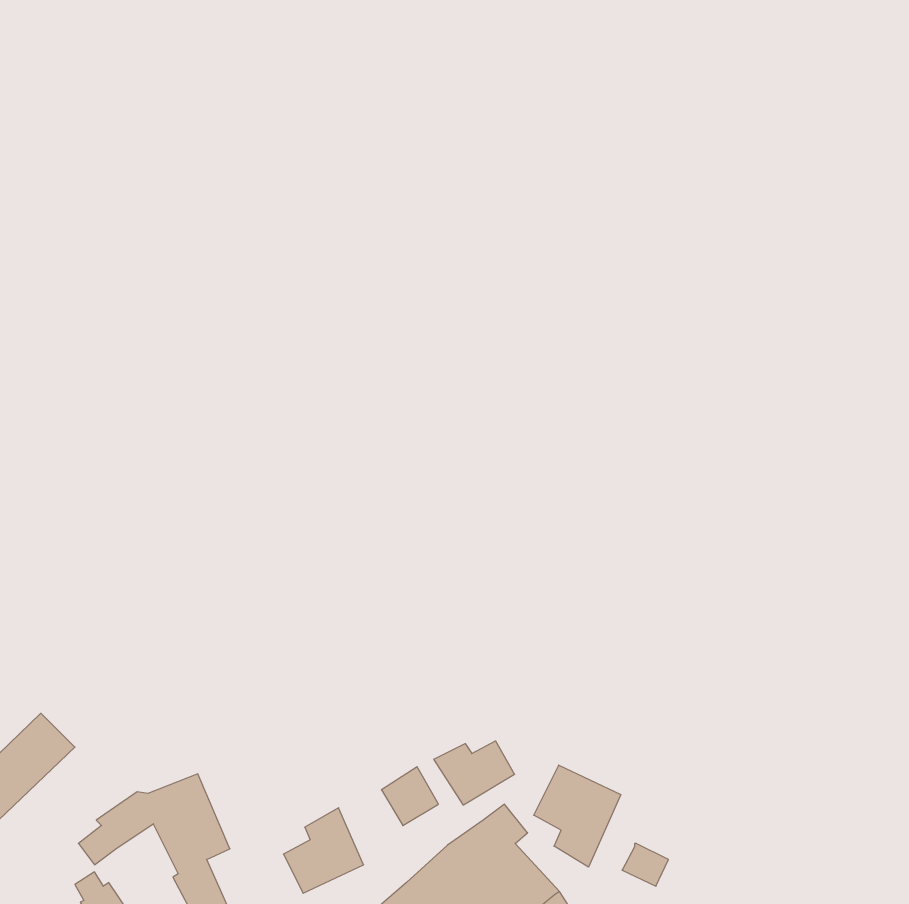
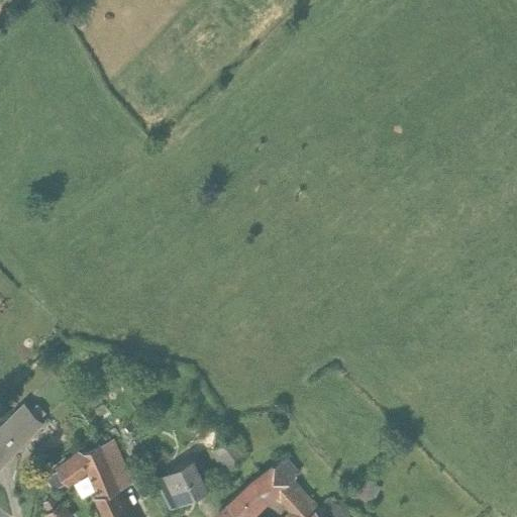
building: [434,741,515,805] -> none
building: [534,765,621,867] -> none

